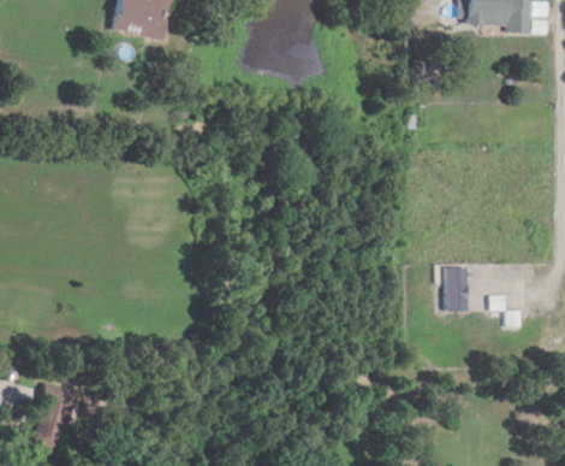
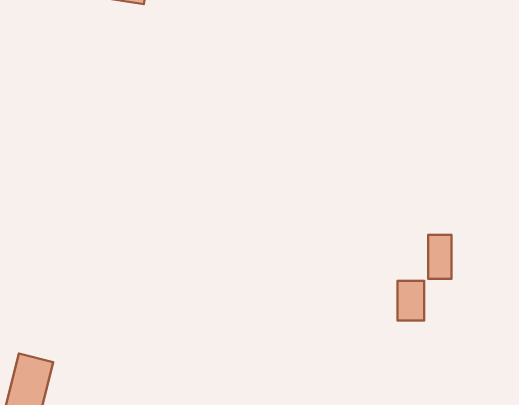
building: none -> [397,281,424,321]

